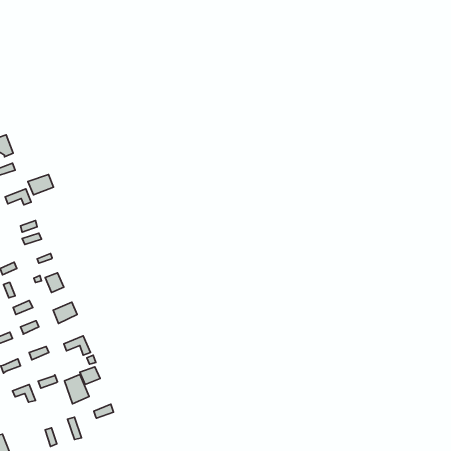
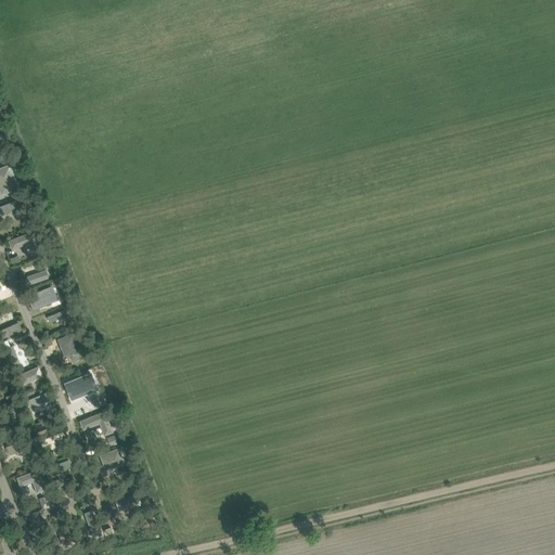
building: [28,174,54,195] -> none
building: [64,374,89,404] -> none

